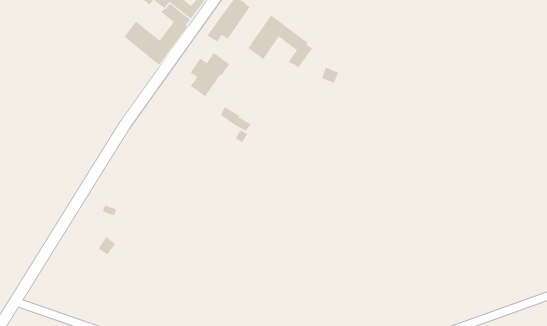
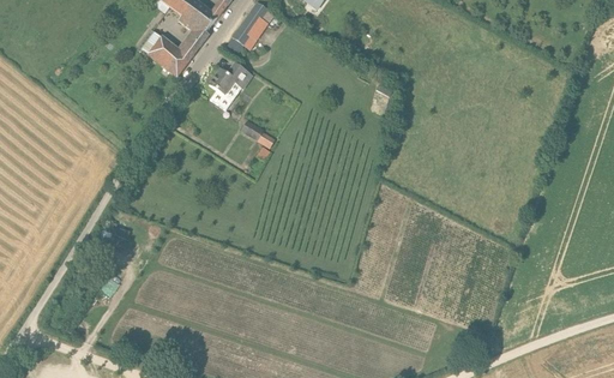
building: [248,14,313,68] -> none

